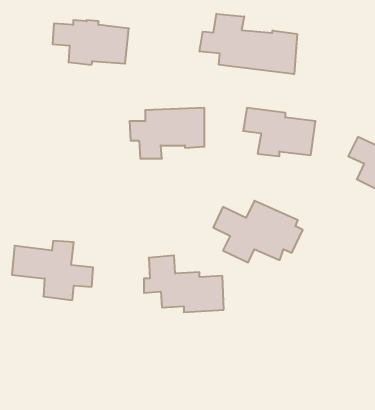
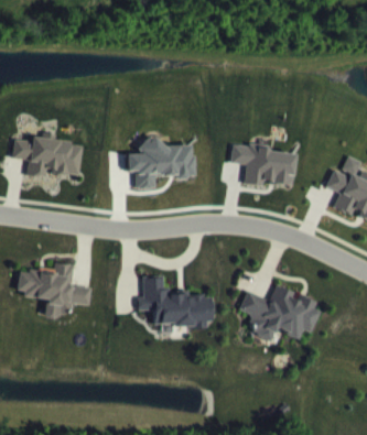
building: [200,14,297,74] -> none
building: [53,20,129,65] -> [12,137,82,177]
building: [213,201,303,262] -> [239,285,321,341]

